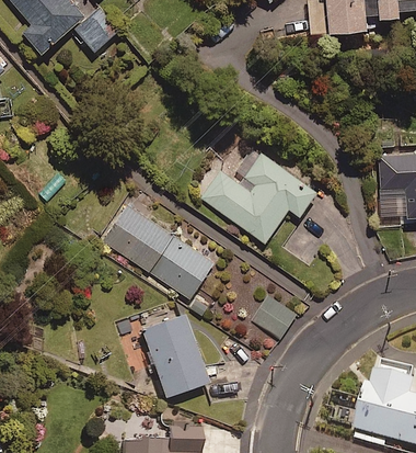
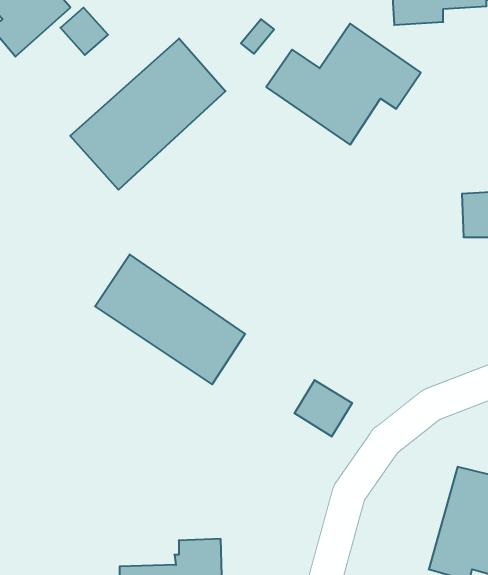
building: none -> [70,38,226,190]
building: [201,151,319,244] -> [266,24,421,145]
building: [140,315,206,399] -> none

